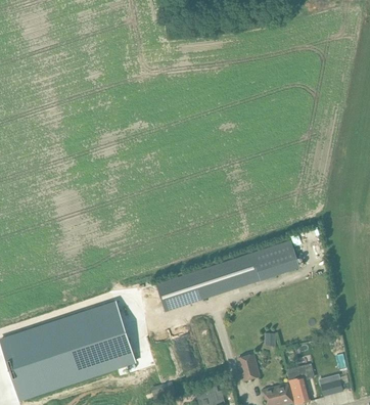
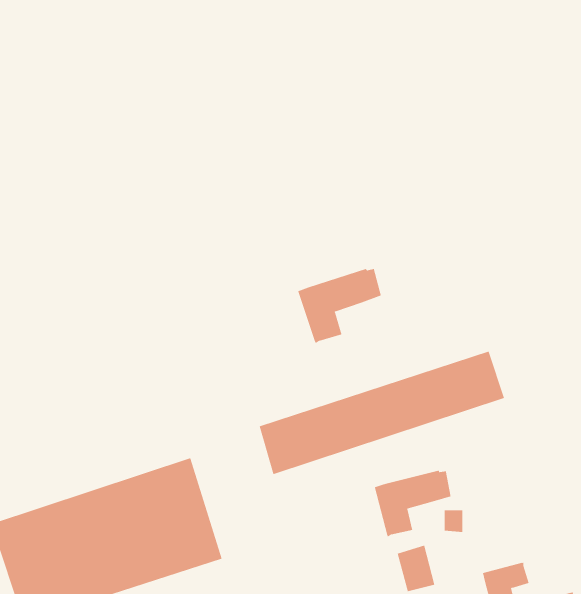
building: none -> [298,268,381,344]
building: none -> [374,470,451,537]

